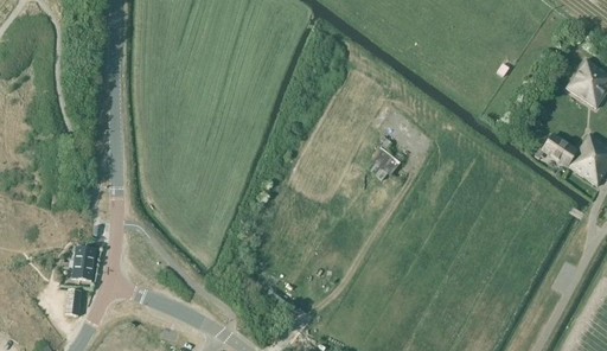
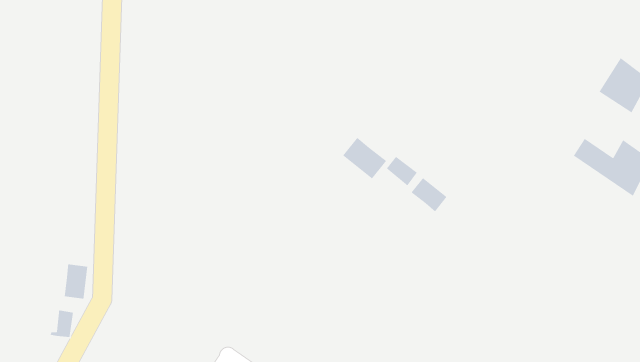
building: none -> [342,137,387,180]
building: none -> [411,177,448,212]

